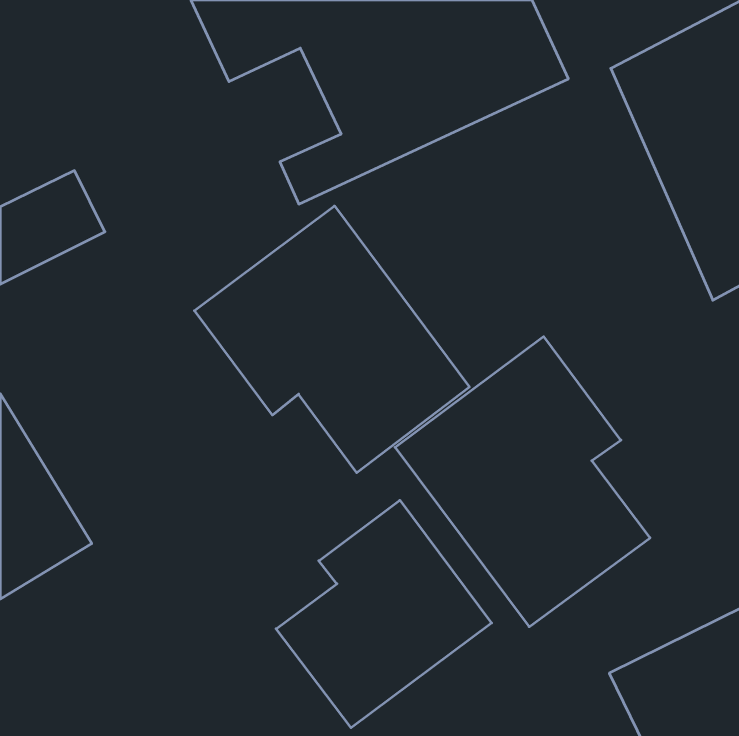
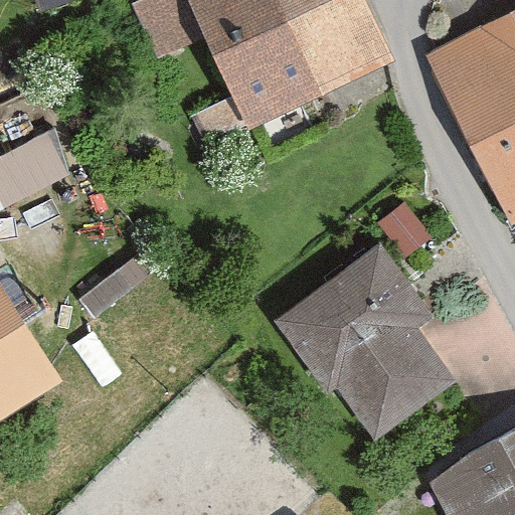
building: [194,206,469,473] -> none
building: [276,500,492,728] -> none

